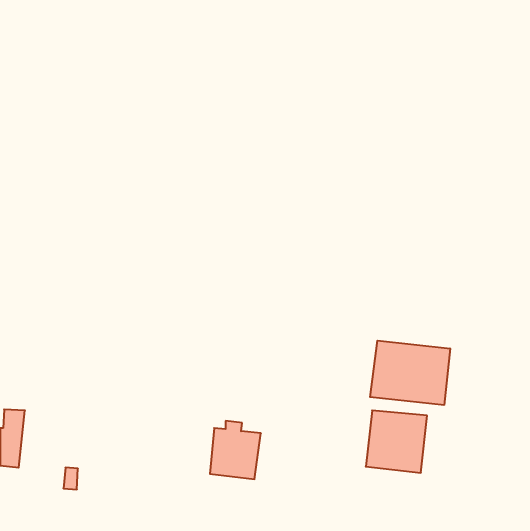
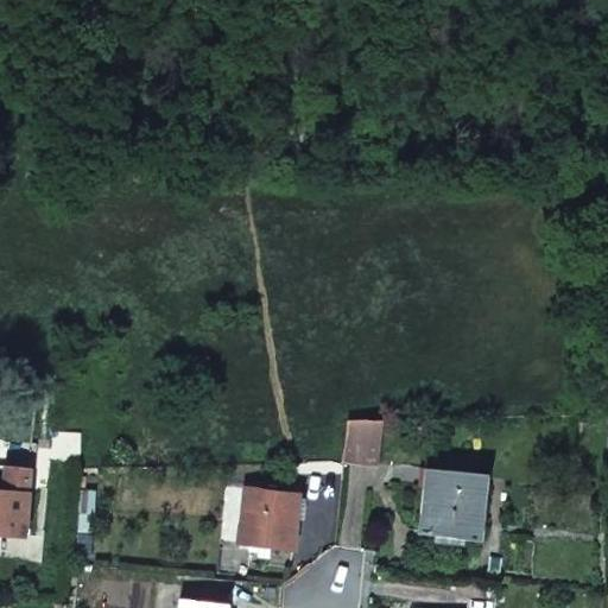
building: [370,341,450,405] -> none
building: none -> [343,420,379,458]

